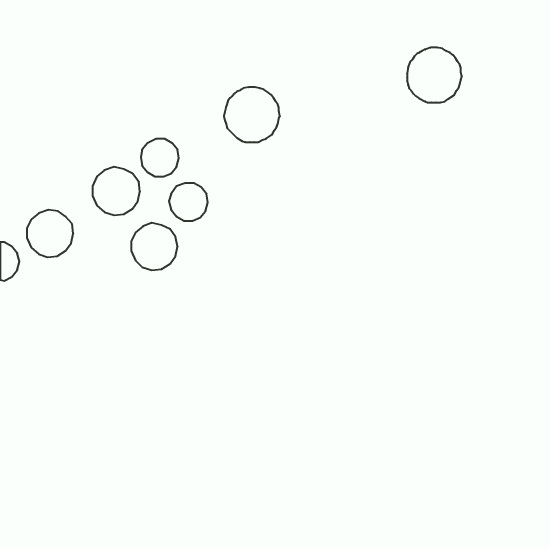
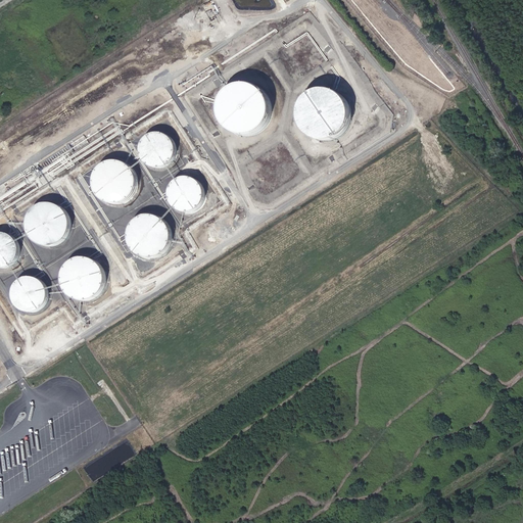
building: [407,48,462,102] -> [301,88,353,140]
building: none -> [60,251,104,296]
building: none -> [8,272,45,307]

